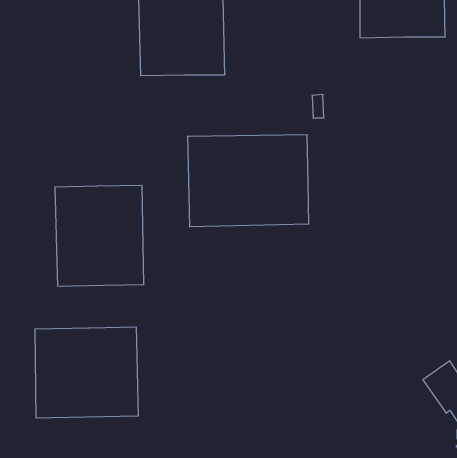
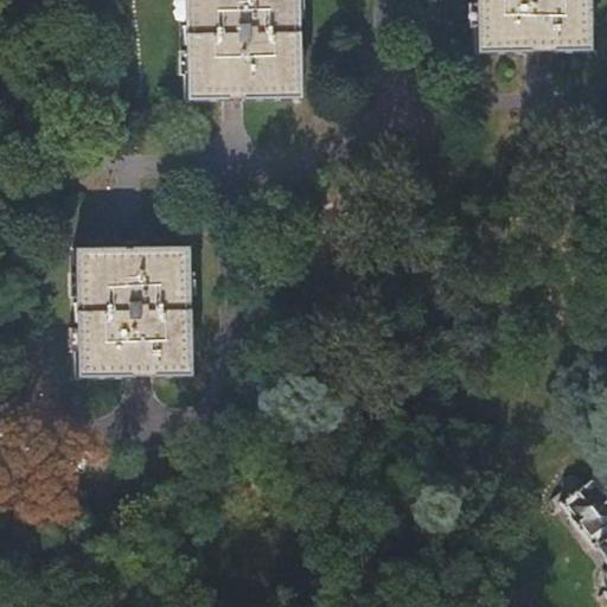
building: [188,135,308,227] -> none
building: [35,327,138,418] -> none

